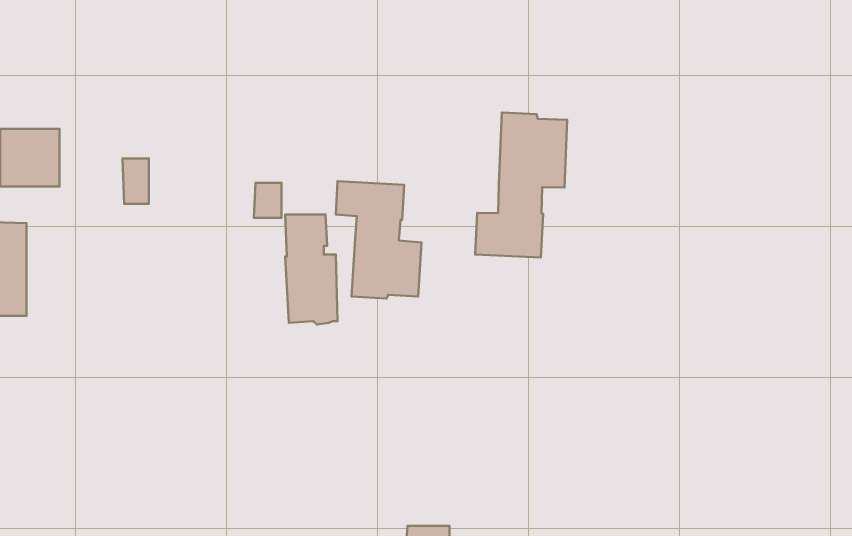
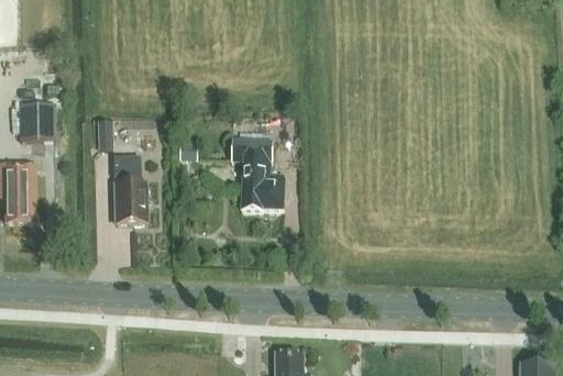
building: [475,112,567,257] -> none
building: [285,214,338,325] -> [113,155,146,224]

